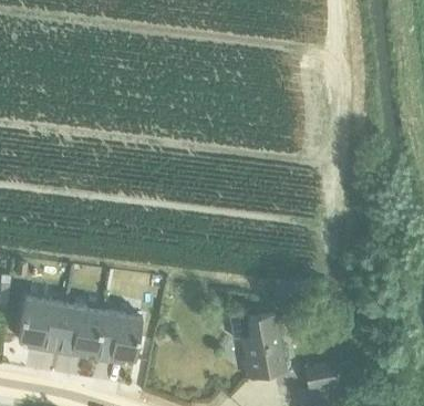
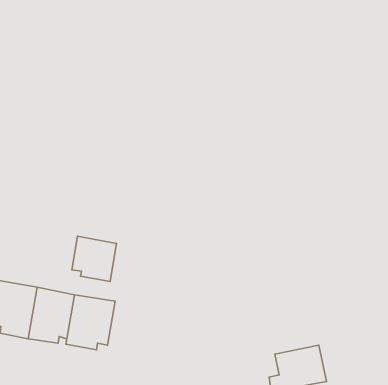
building: none -> [72,236,117,281]
building: [242,313,288,379] -> none

